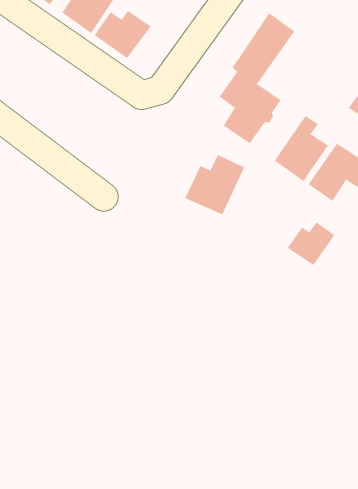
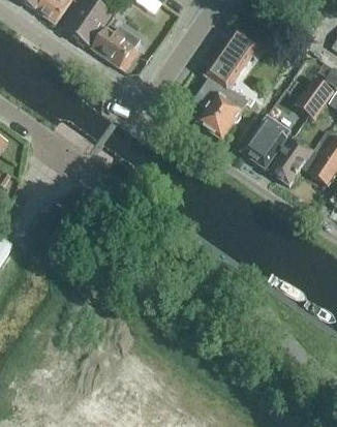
building: [184,154,245,215] -> none
building: [287,221,335,266] -> none

